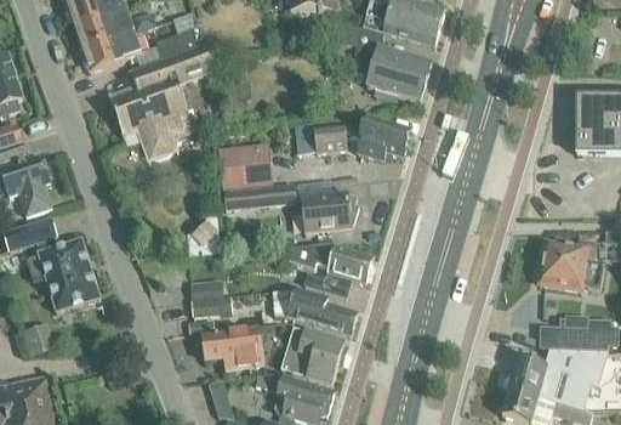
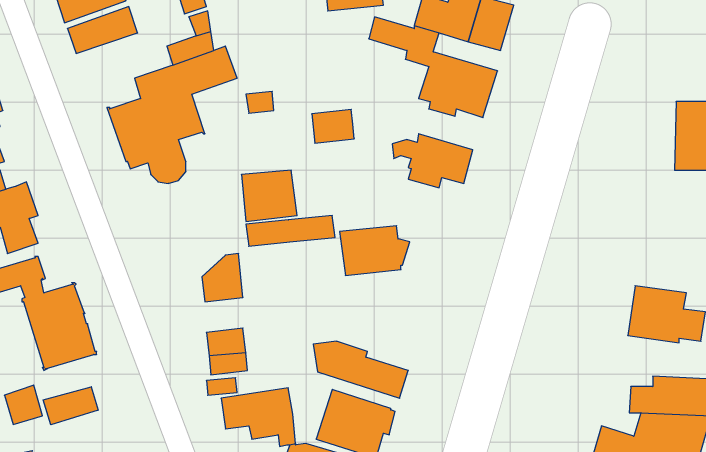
building: [81,32,139,72] -> none
building: [310,124,346,152] -> [312,109,354,143]
building: [287,243,372,299] -> none
building: none -> [43,387,98,425]

